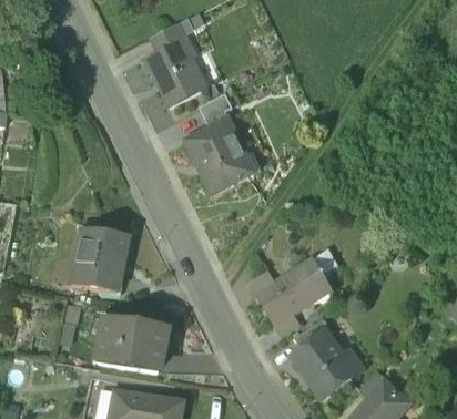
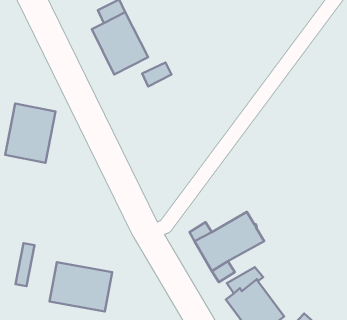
building: [184,116,255,193] -> none
building: [73,224,129,289] -> [5,104,55,163]

